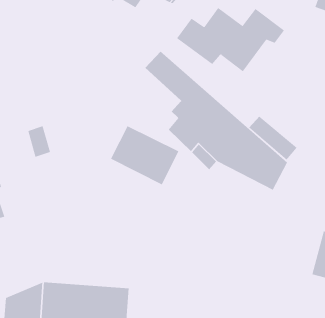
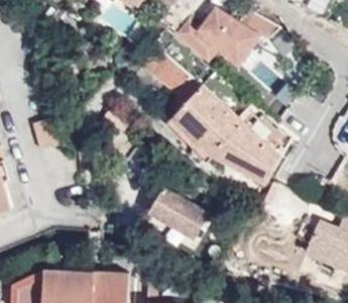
building: [110,126,179,185] -> [143,189,209,245]

